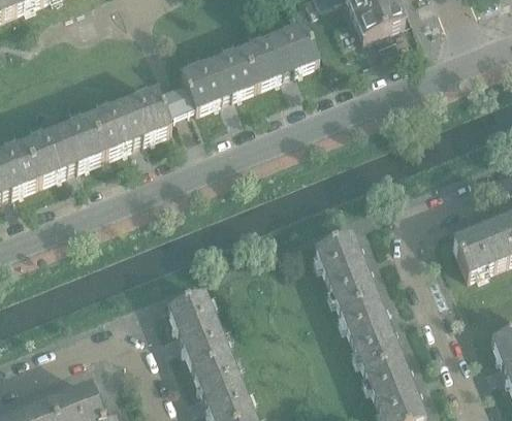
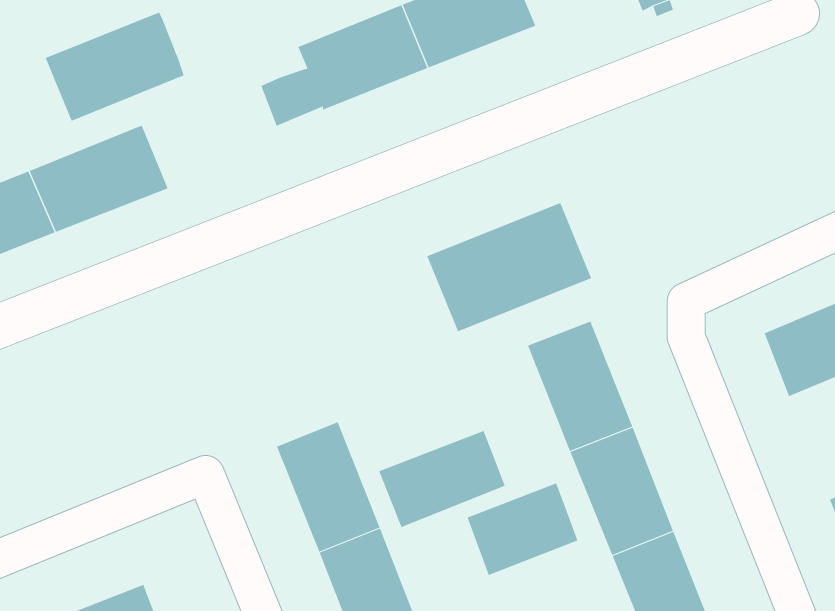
building: [89,87,170,151] -> [45,12,184,122]
building: none -> [426,202,592,332]
building: none -> [378,430,505,528]
building: none -> [467,482,578,576]

